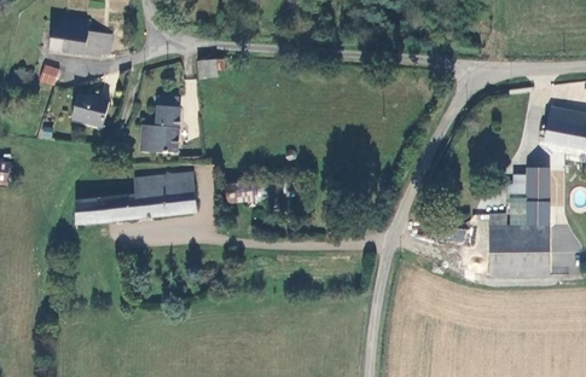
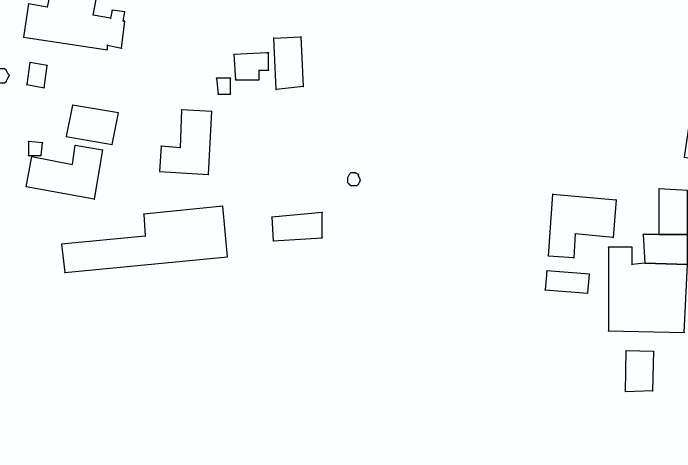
building: none -> [274,37,303,90]
building: none -> [26,145,103,199]
building: none -> [548,194,616,258]
building: none -> [625,351,653,392]

